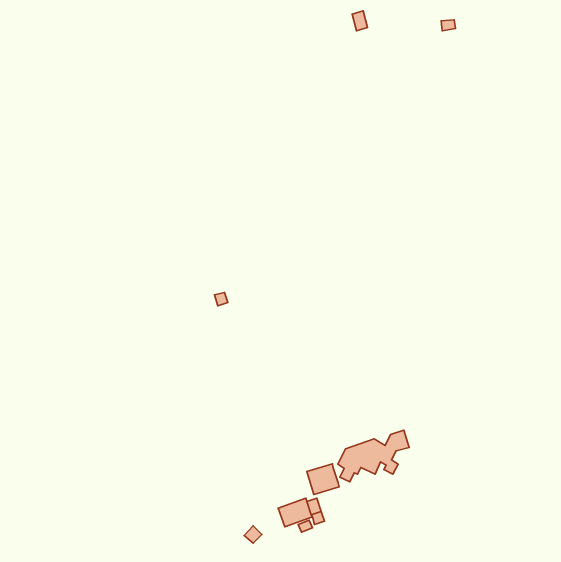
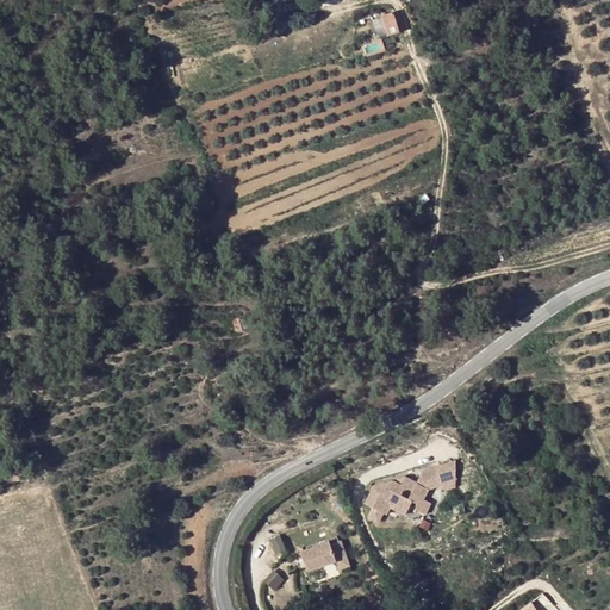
building: [307,464,339,495] -> none

